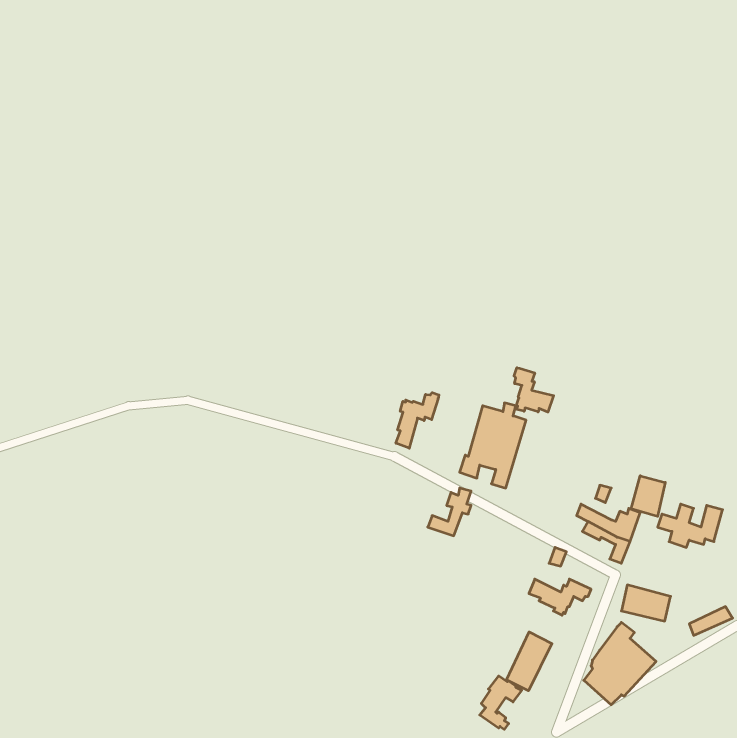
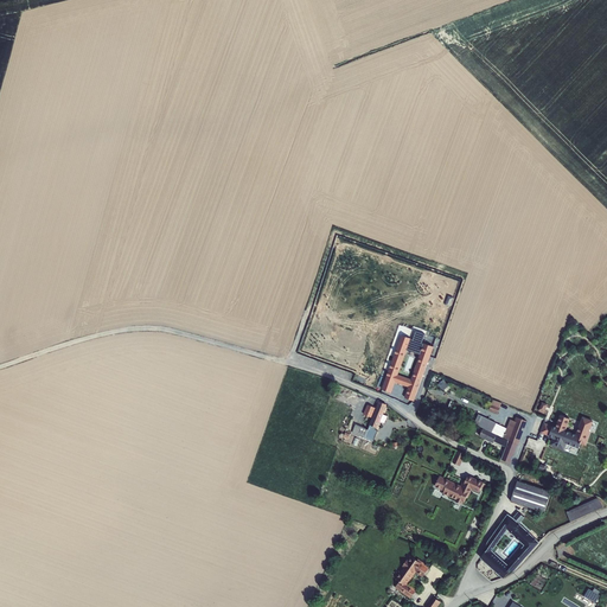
building: [514,368,554,412] -> none
building: [396,393,439,448] -> none
building: [631,476,665,516] -> none
building: [507,632,552,691] -> none

